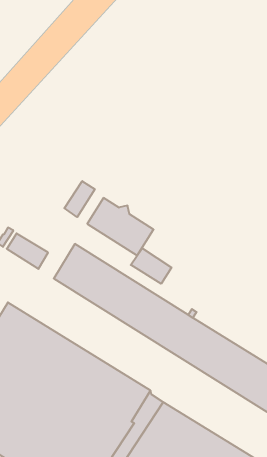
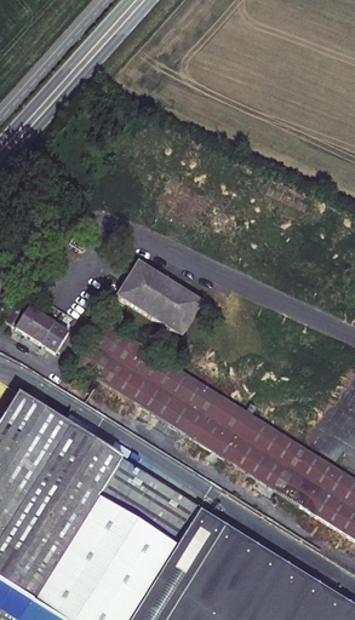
building: [64,181,95,217] -> none
building: [131,248,171,284] -> none

